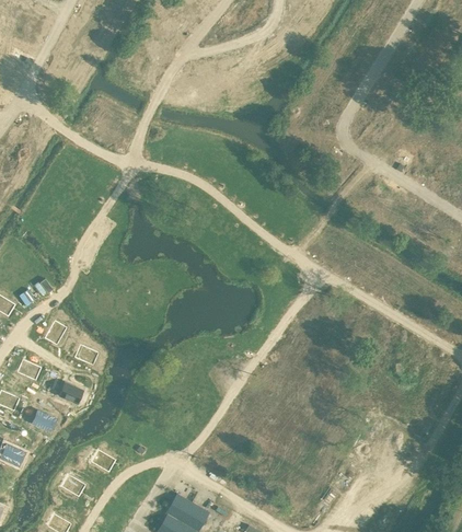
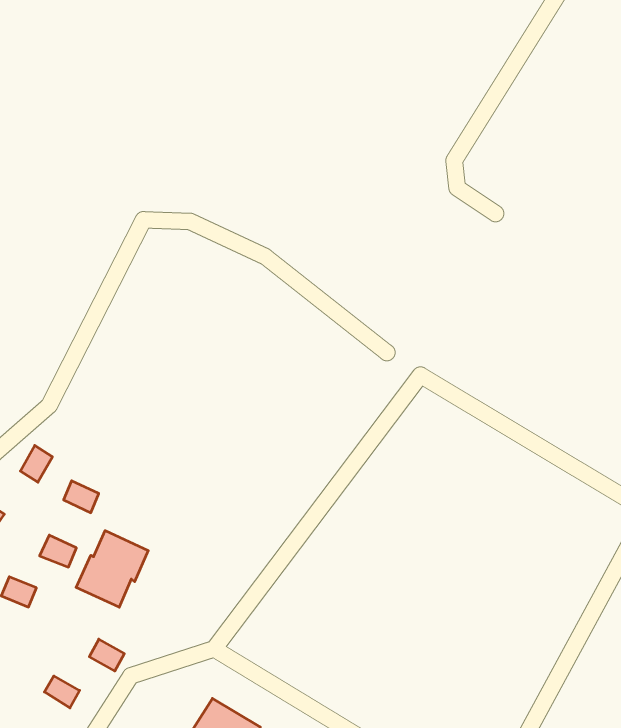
building: none -> [76,531,148,607]

